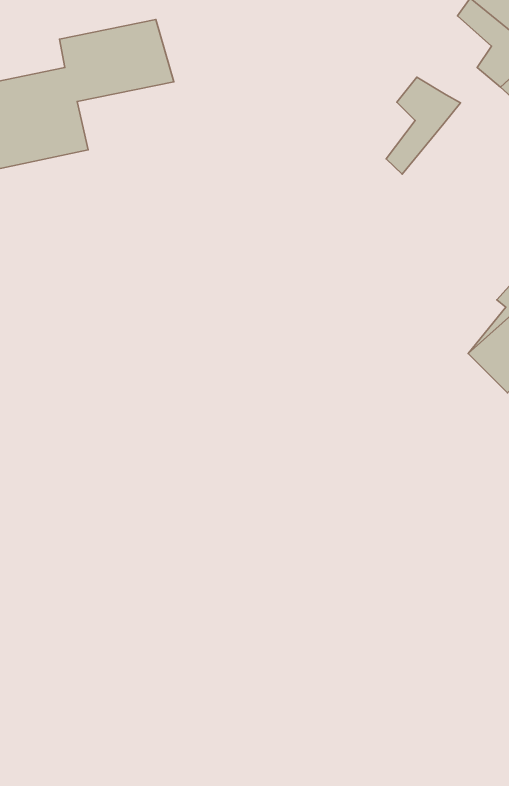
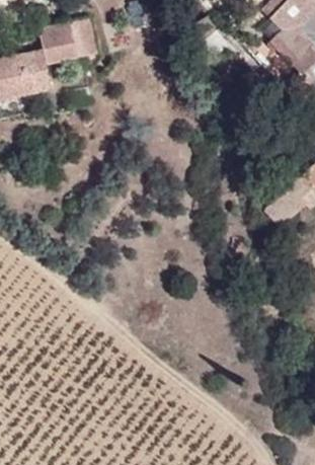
building: [386,77,461,174] -> none

